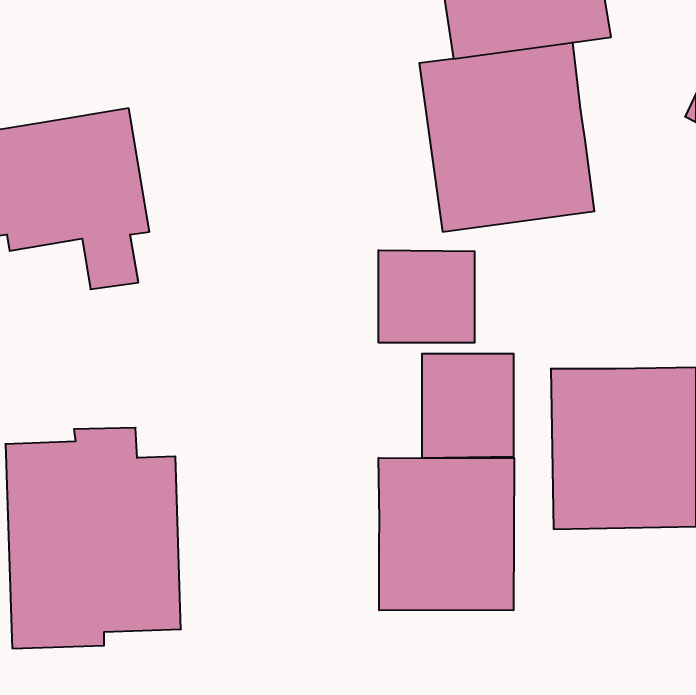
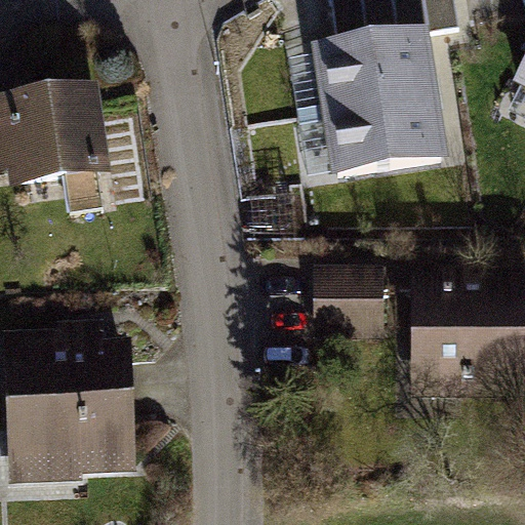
building: [379,250,475,343] -> none
building: [379,458,514,610] -> none

